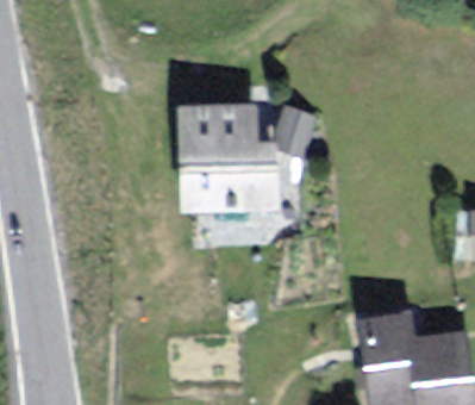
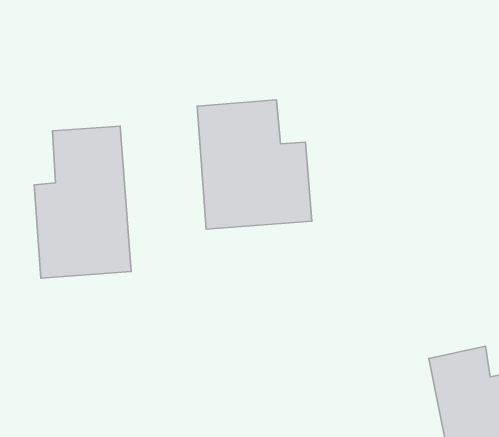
building: none -> [34,126,131,278]

